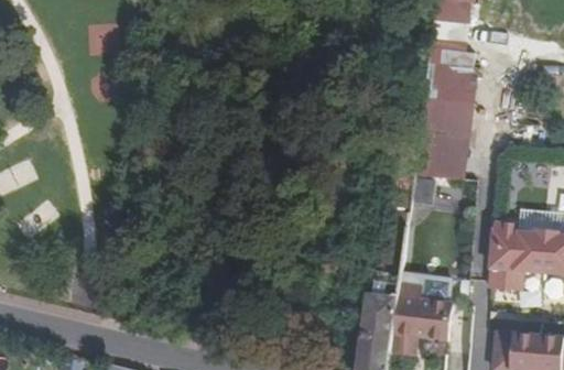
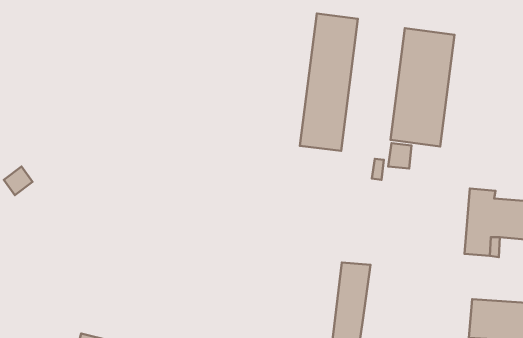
building: none -> [300,14,358,151]
building: [388,284,449,355] -> none

